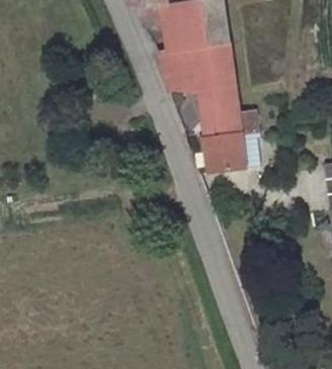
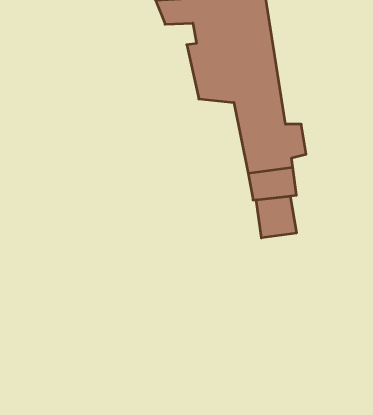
building: none -> [256,196,296,238]

